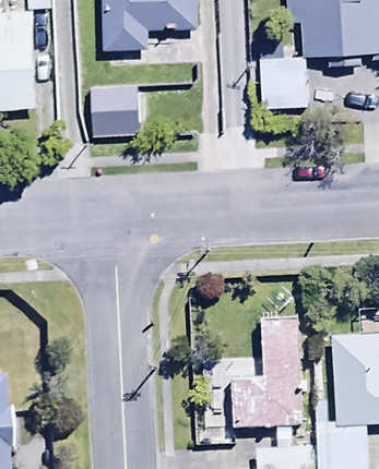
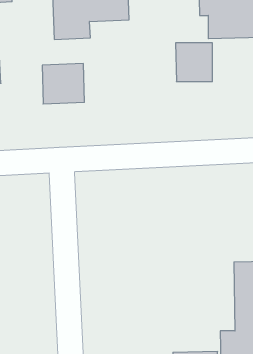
building: [233,316,306,428] -> none

